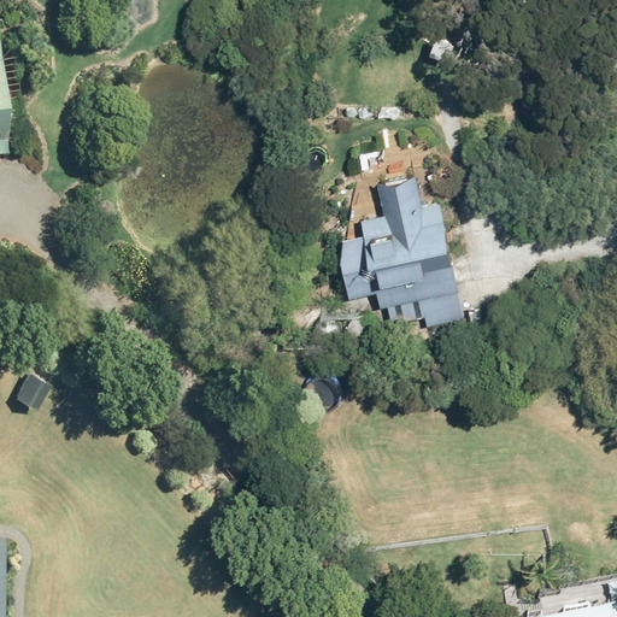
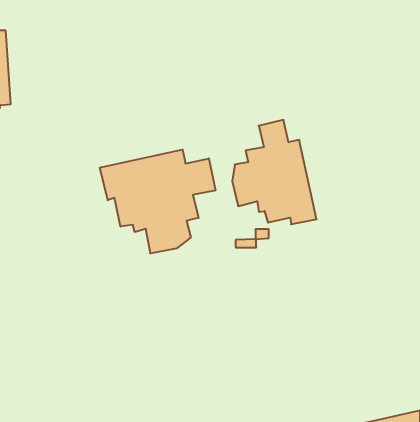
building: none -> [100,150,215,254]

